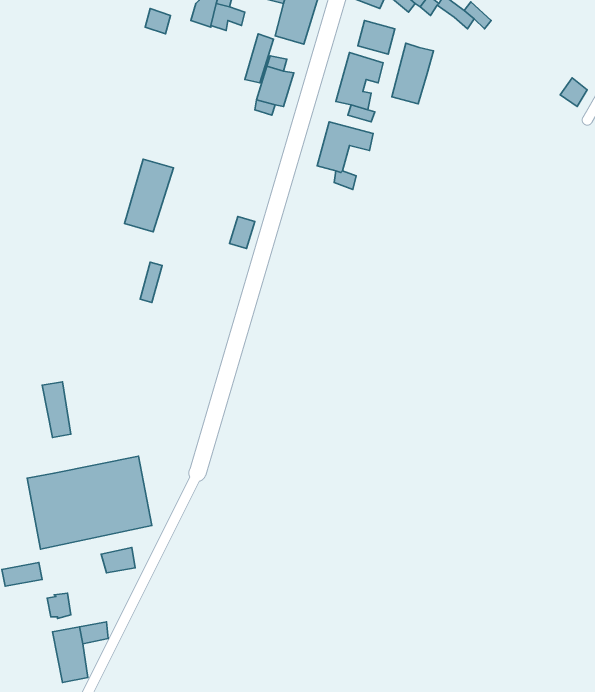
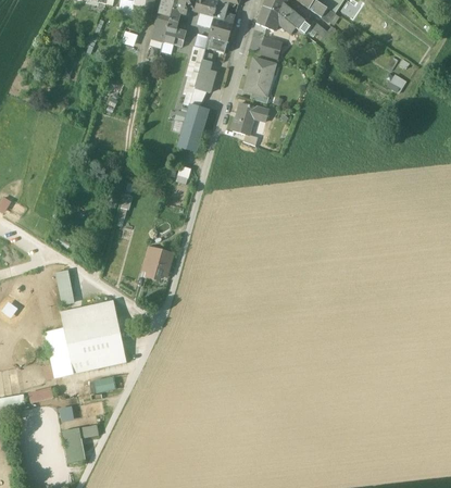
building: [392,43,433,104] -> none
building: [125,159,174,232] -> [177,104,209,151]
building: none -> [141,250,172,280]
building: none -> [60,300,117,328]

